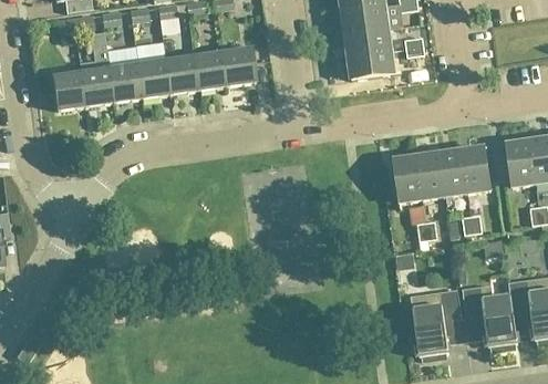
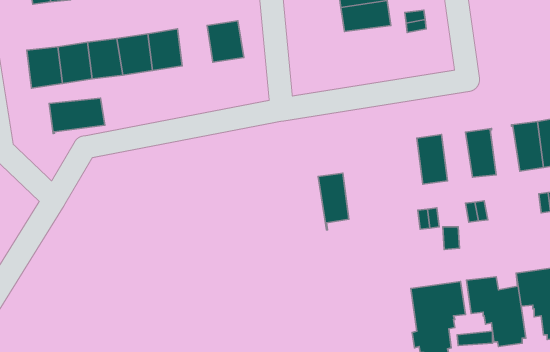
building: [193,50,226,87] -> none
building: [349,50,401,79] -> none
building: none -> [49,98,105,133]
building: [440,149,468,195] -> none
building: [393,155,422,208] -> [318,173,349,230]

